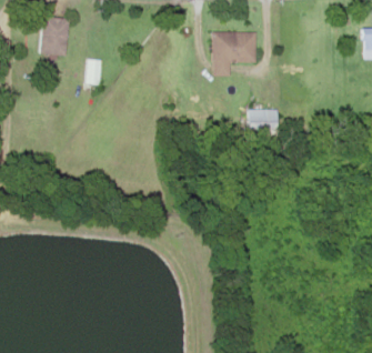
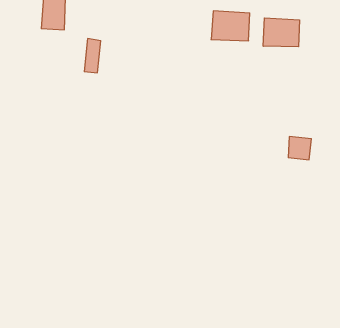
building: none -> [263,18,299,47]
building: [249,110,272,133] -> [288,137,311,160]

